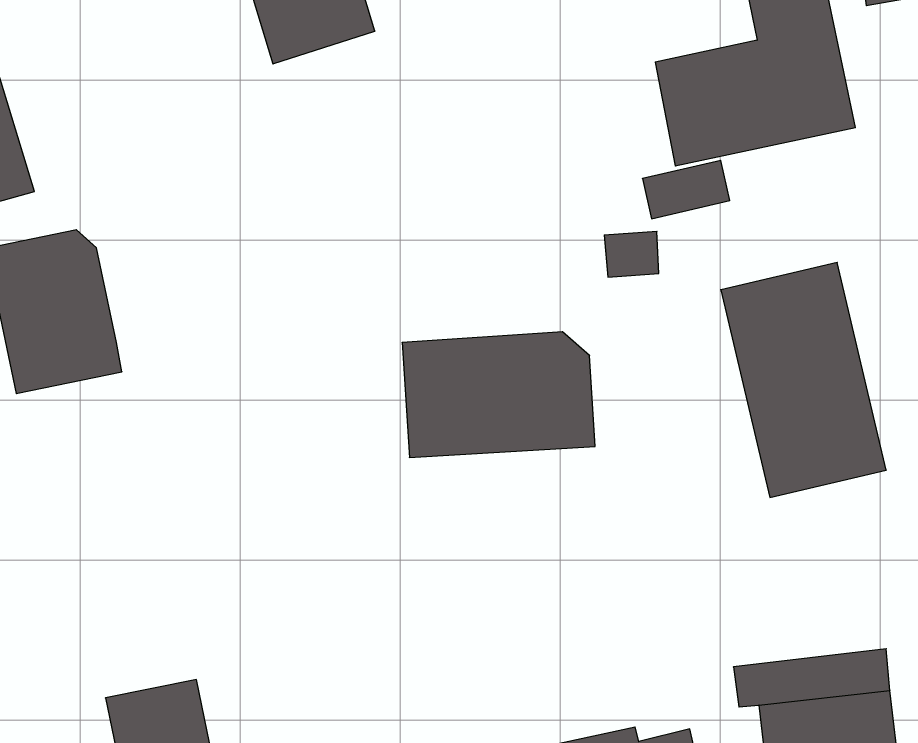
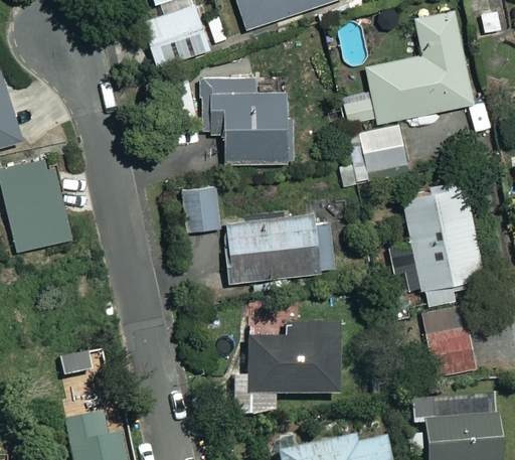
building: none -> [201,79,295,164]
building: none -> [182,186,222,231]
building: none -> [419,312,474,377]
building: none -> [231,325,336,414]

